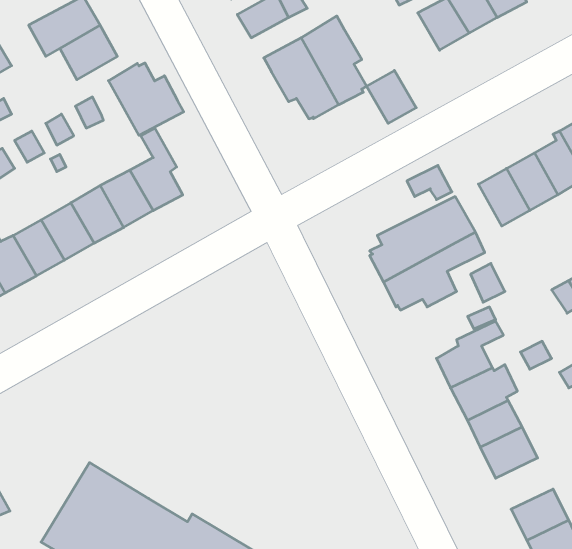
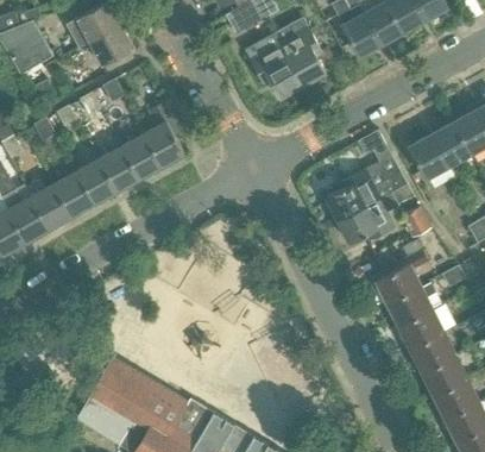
building: [108,63,184,135] -> none
building: [366,70,416,123] -> [341,15,379,56]
building: none -> [422,356,466,395]

